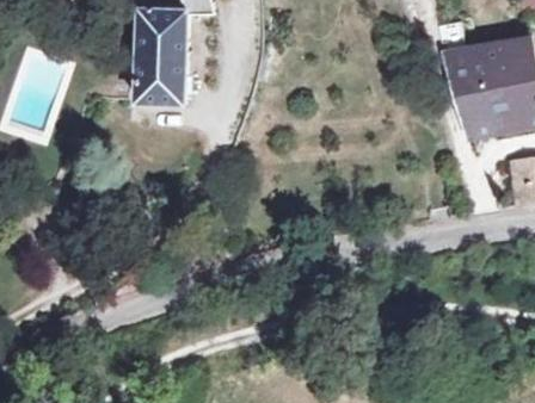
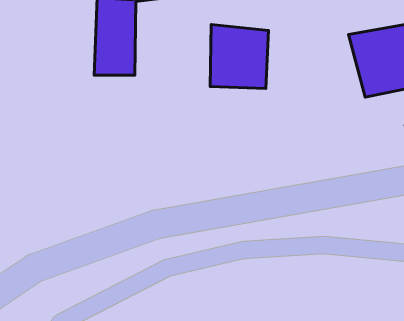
building: none -> [210,24,269,88]

